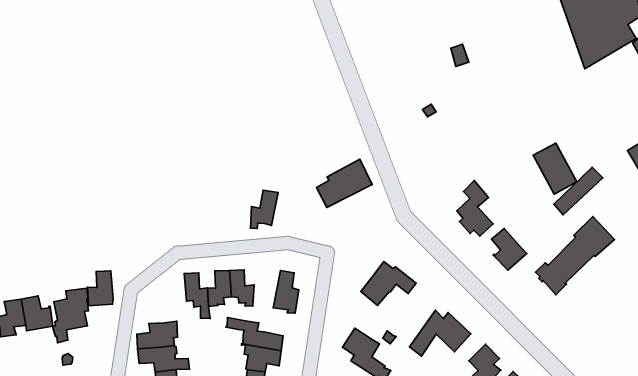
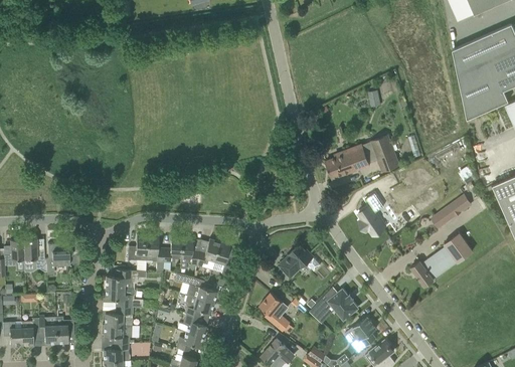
building: [533,143,577,194] -> [370,134,400,172]
building: [316,159,372,208] -> [326,145,368,178]
building: [250,190,278,229] -> [196,239,220,267]
building: [492,229,527,270] -> none
building: [88,271,113,306] -> [128,234,148,260]

